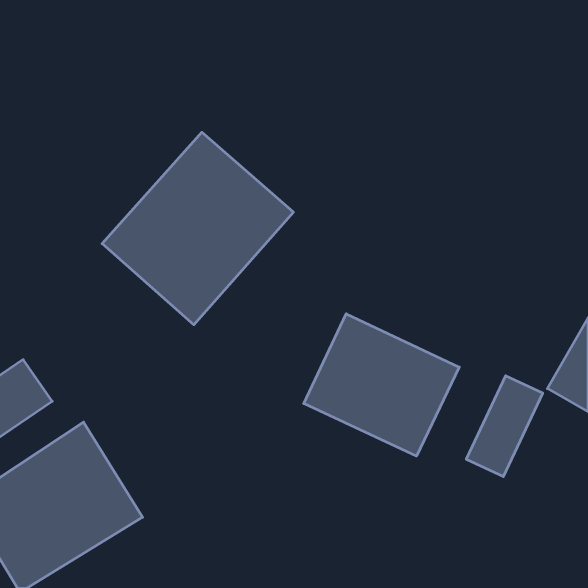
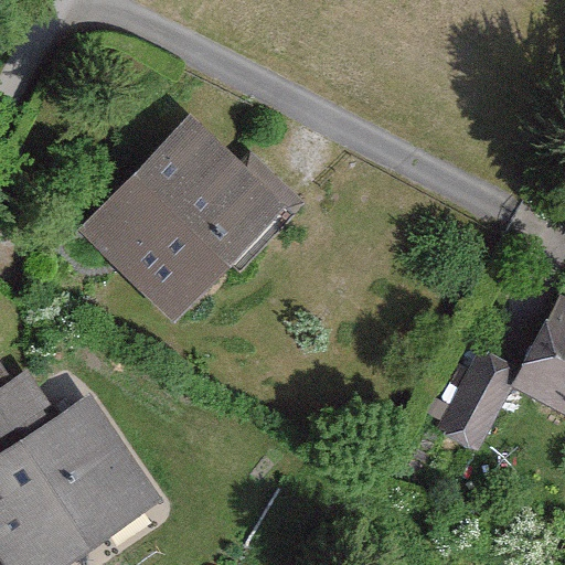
building: [304,314,459,456] -> none

